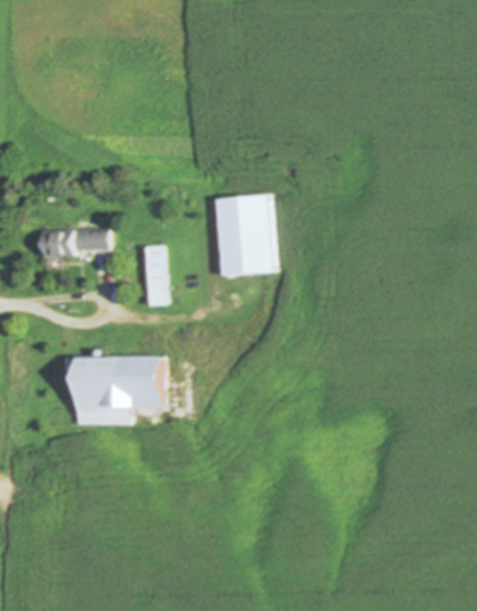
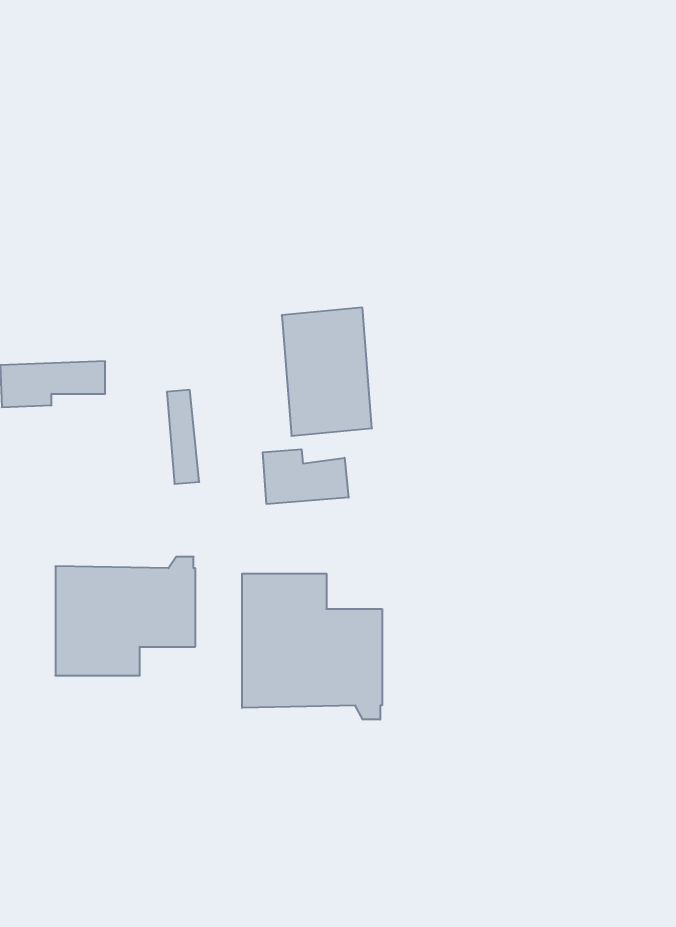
building: none -> [263,449,349,504]
building: none -> [242,574,382,720]

